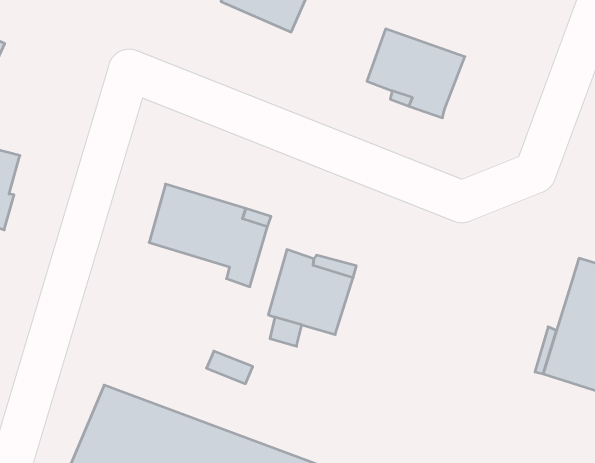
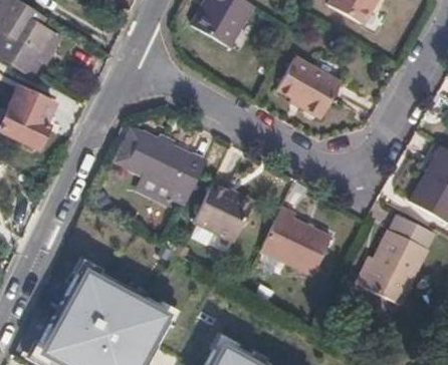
building: none -> [256,217,326,285]

